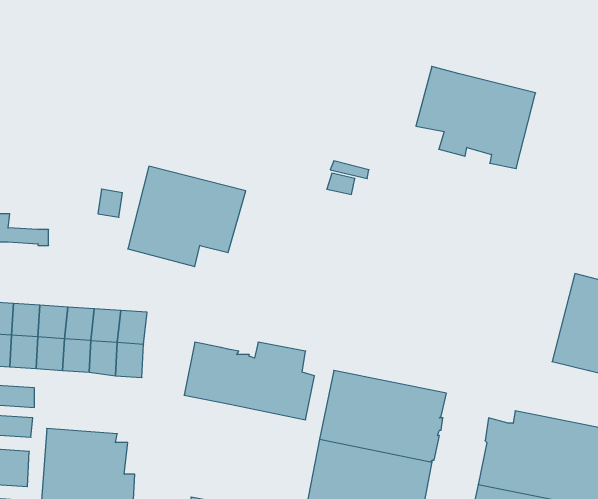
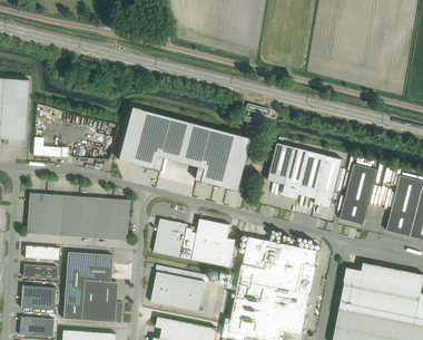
building: [416,66,536,169] -> [266,143,342,207]
building: none -> [180,123,250,191]
building: none -> [338,164,376,225]
building: none -> [66,252,111,276]
building: none -> [150,264,204,312]

